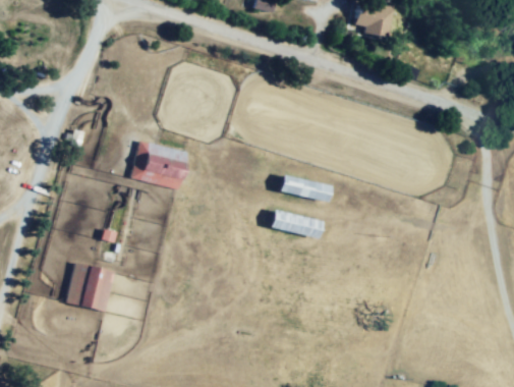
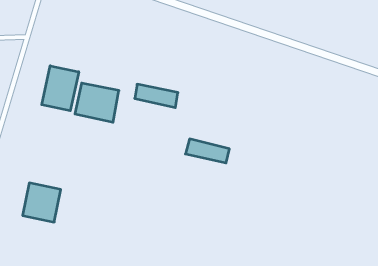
building: none -> [42,66,79,111]
building: [277,174,330,203] -> [135,84,178,108]

